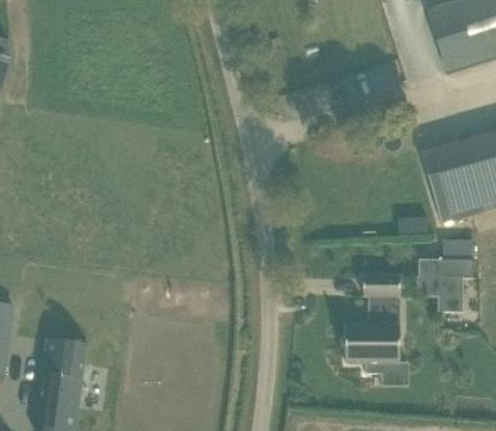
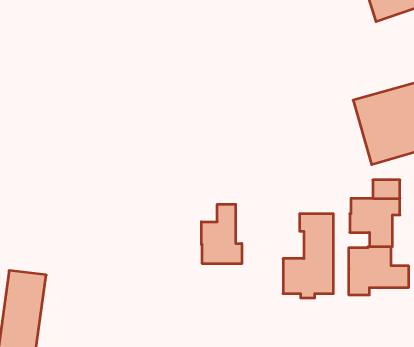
building: none -> [201,204,242,264]
building: none -> [349,247,408,295]

